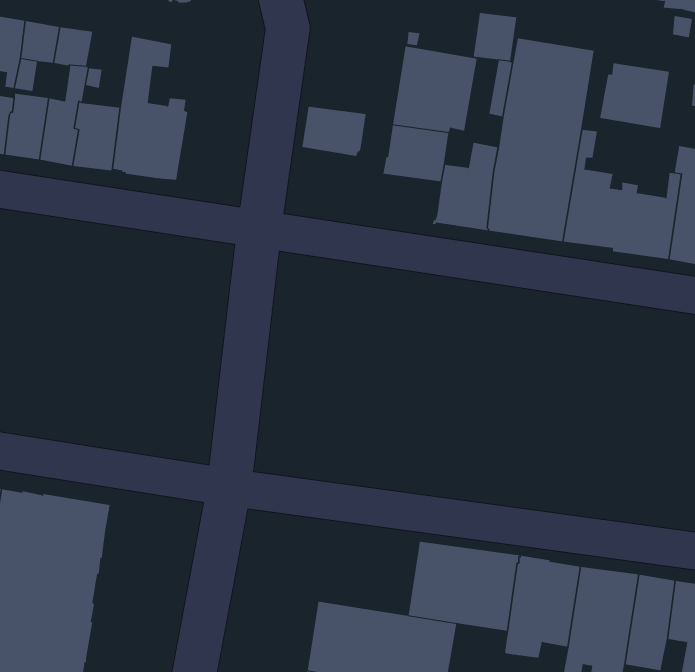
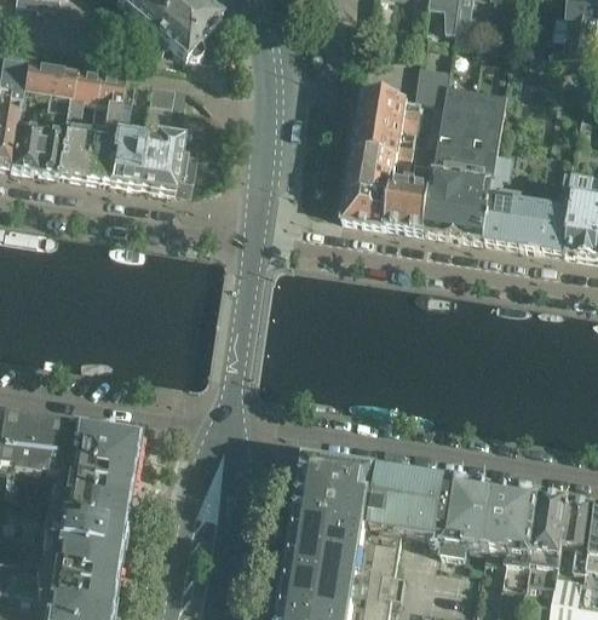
building: [599,63,669,129] -> none
building: [301,106,366,157] -> [343,185,392,224]
building: none -> [298,455,375,523]

